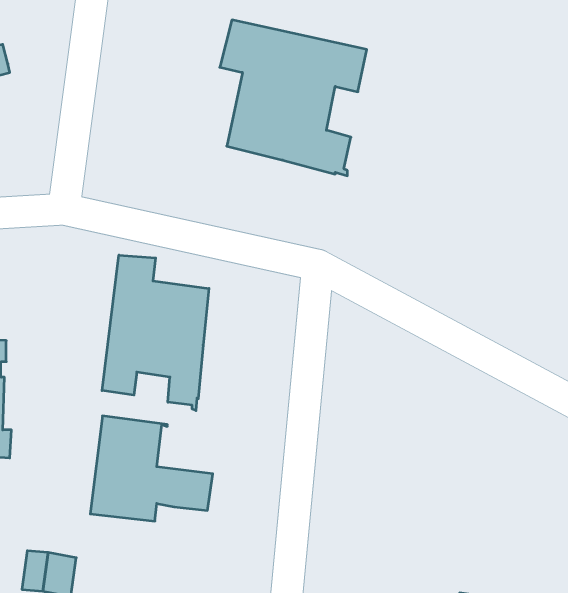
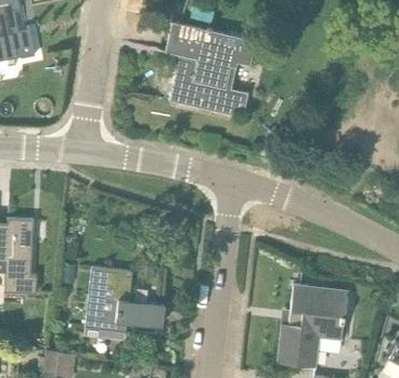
building: [102,255,209,411] -> none
building: none -> [278,284,345,367]

